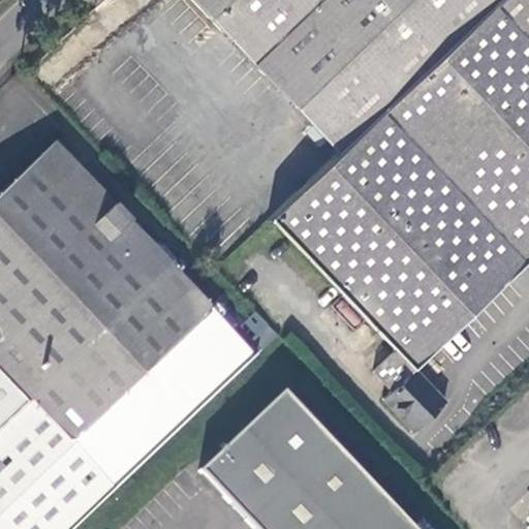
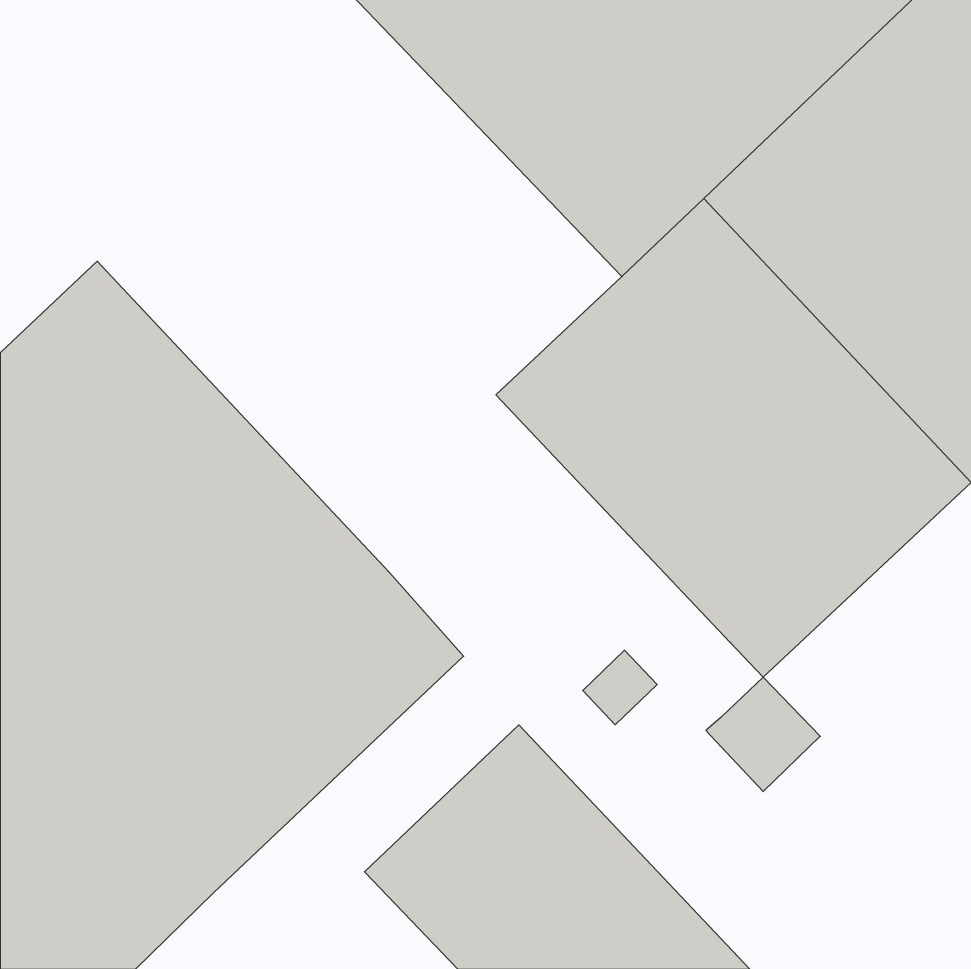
building: [375,348,415,388] -> [583,650,657,725]

